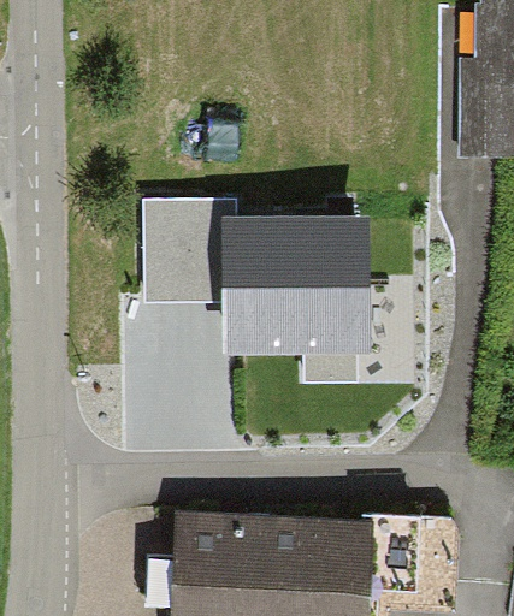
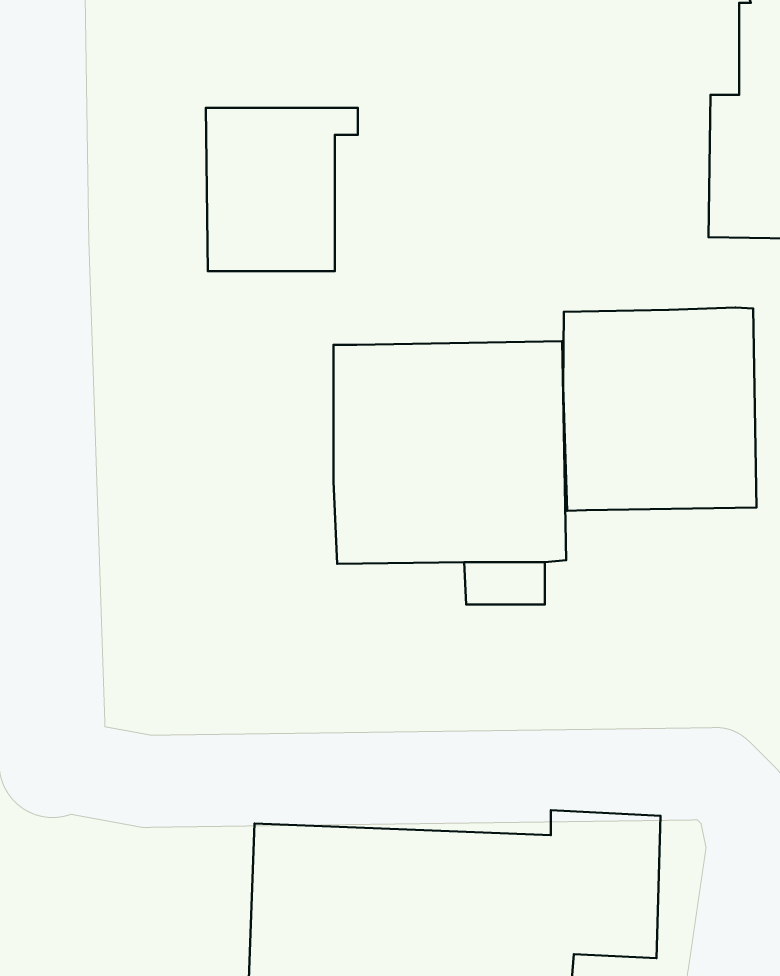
building: none -> [563,307,756,511]
building: [143,201,238,303] -> [206,108,358,271]

